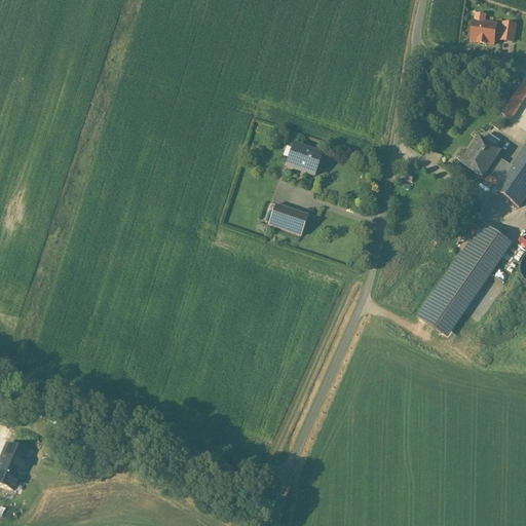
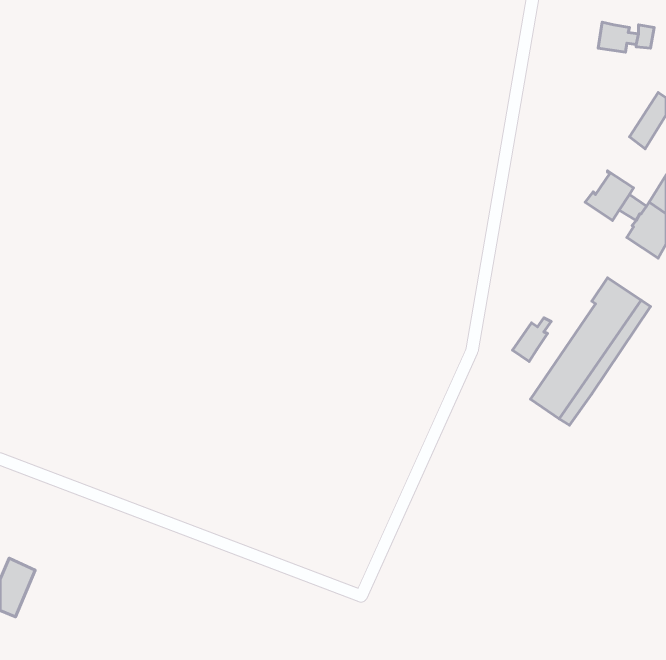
building: [286,142,320,173] -> none
building: [267,201,307,232] -> none
building: none -> [513,318,551,362]

